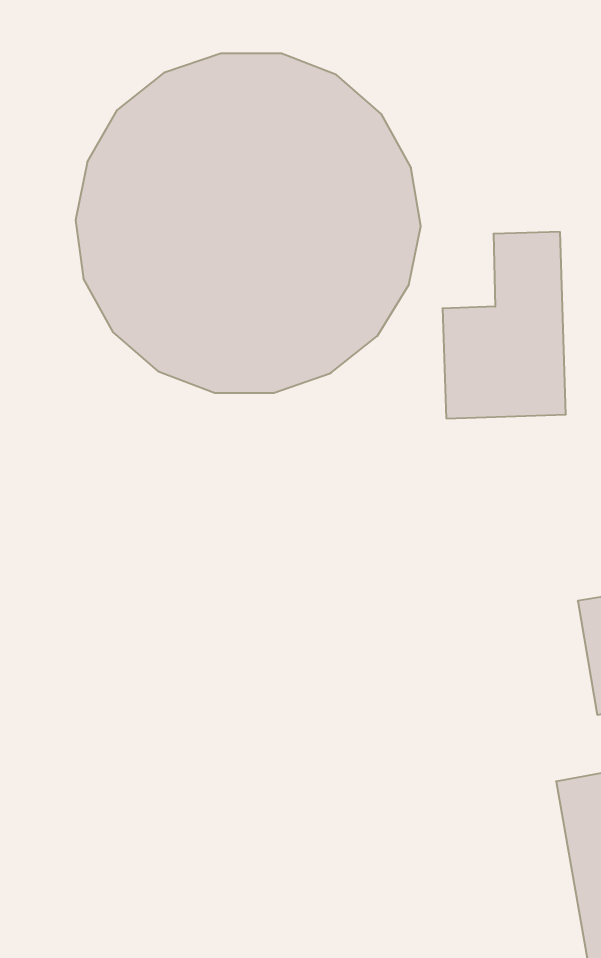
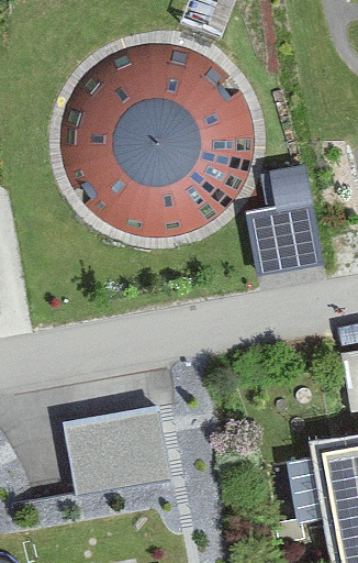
building: none -> [65,393,180,483]

